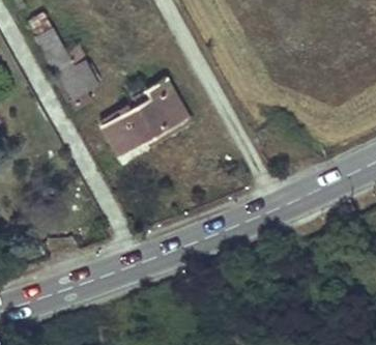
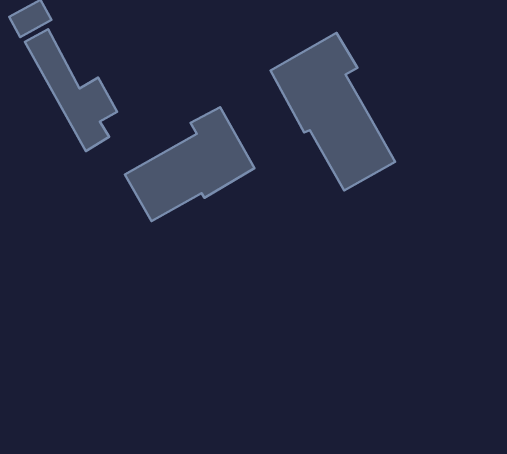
building: none -> [270,33,395,191]

